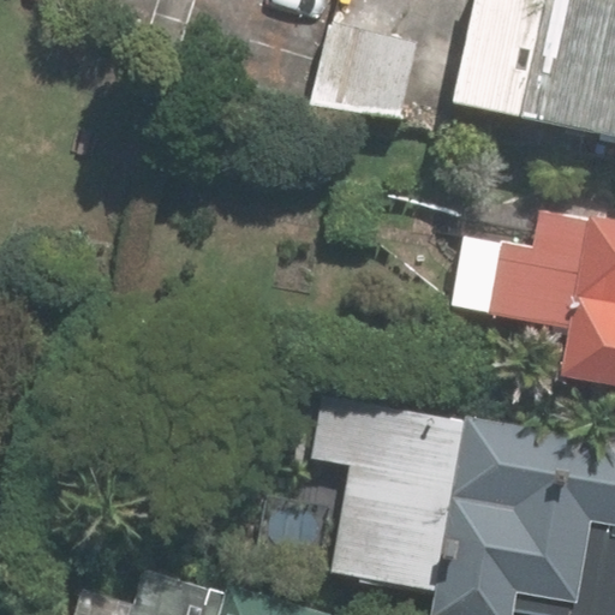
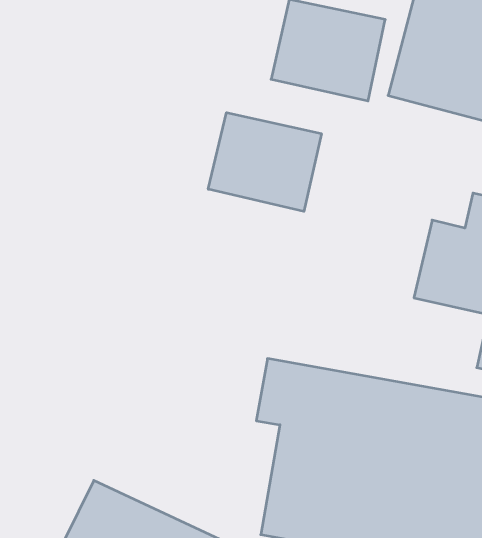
building: none -> [208,113,321,211]

